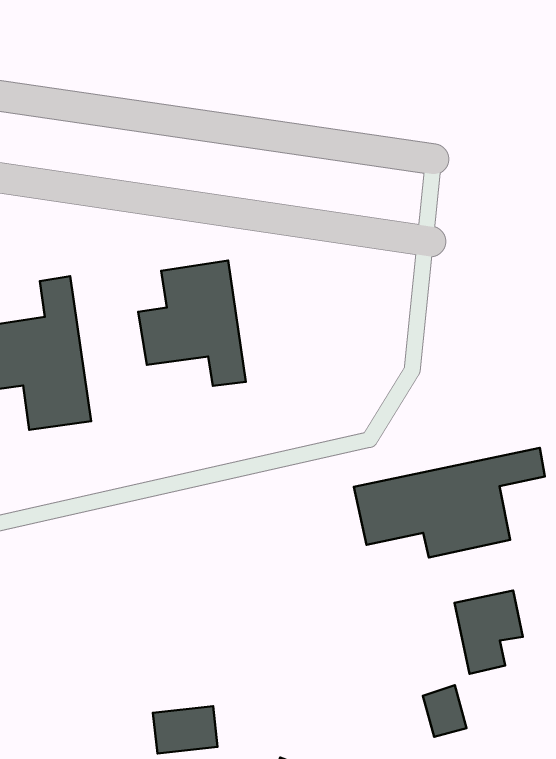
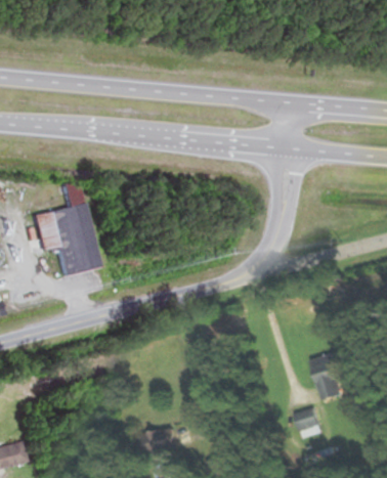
building: [138,261,246,386] -> none
building: [354,448,545,558] -> none

